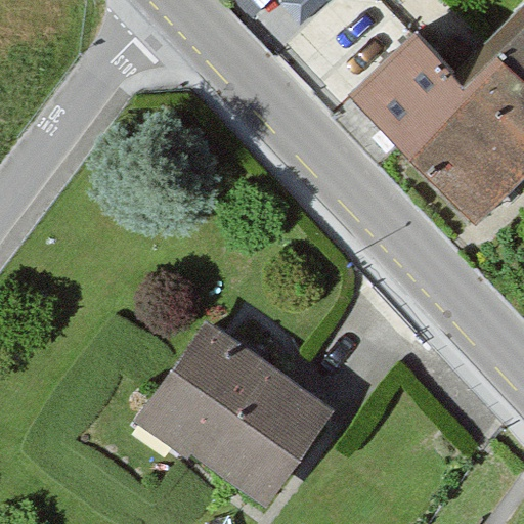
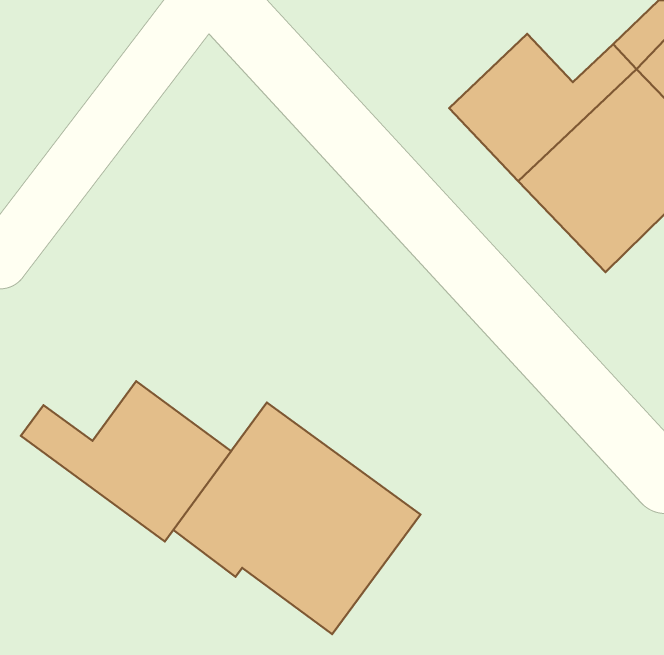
building: none -> [21,381,231,541]

